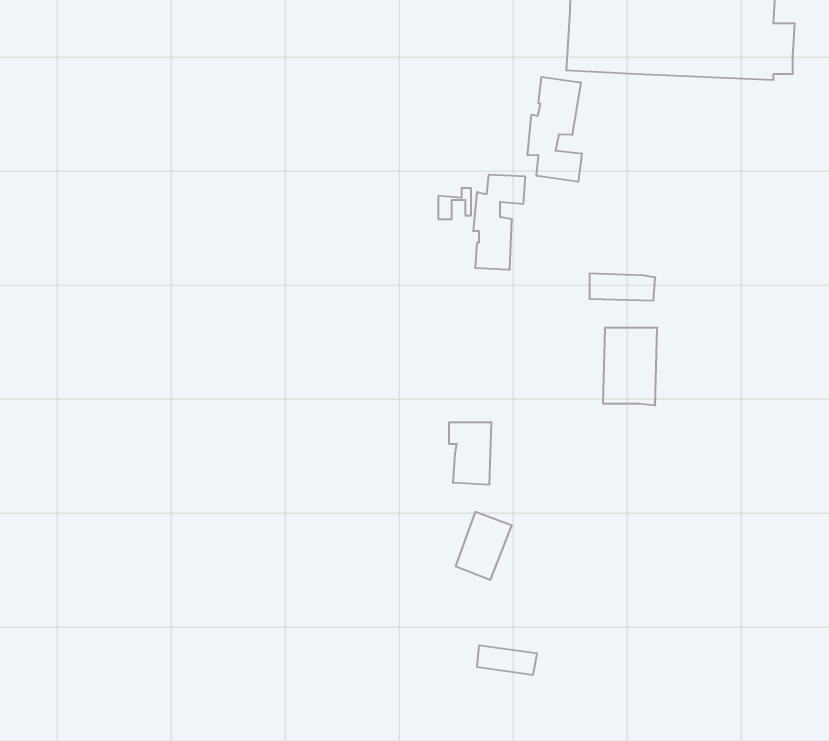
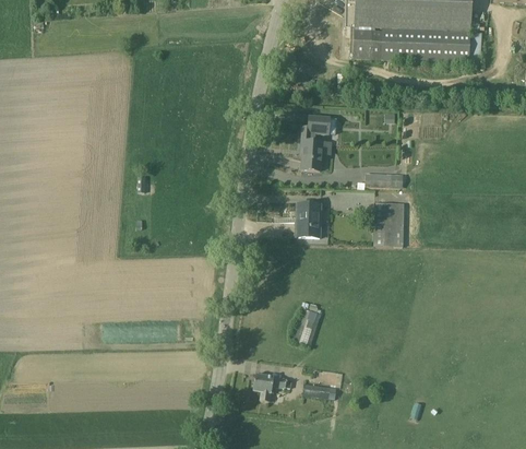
building: [527,77,582,182] -> none
building: [449,422,492,485] -> [296,202,320,237]
building: none -> [252,373,291,400]

